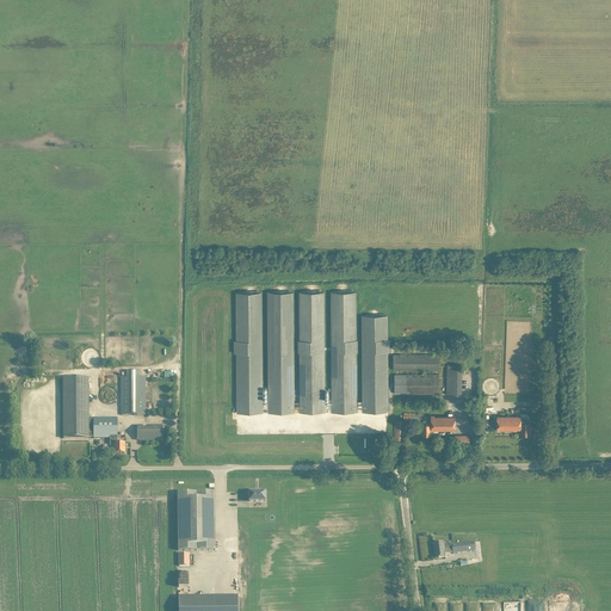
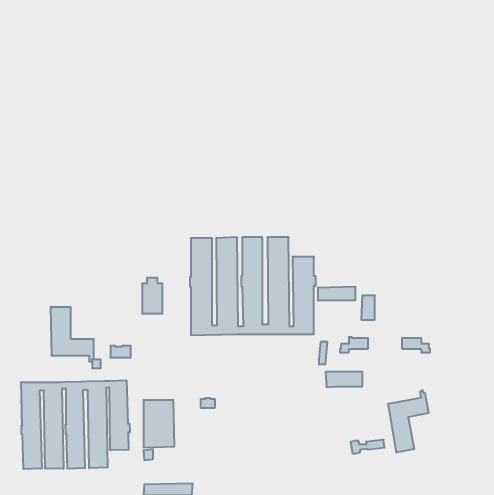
building: [119,371,144,415] -> [142,278,162,314]
building: [393,375,438,394] -> [326,372,362,387]
building: none -> [21,380,130,469]
building: none -> [388,390,429,453]

